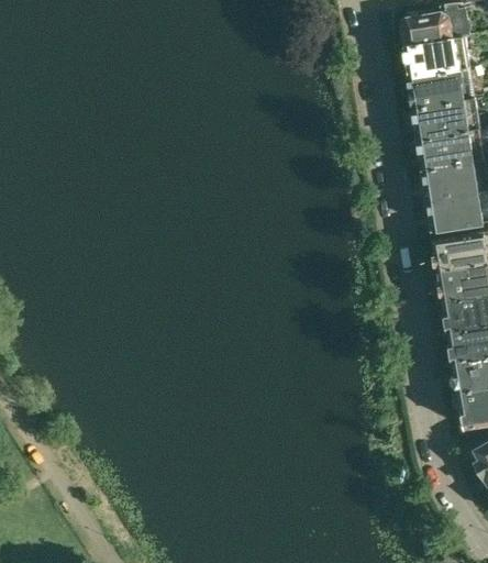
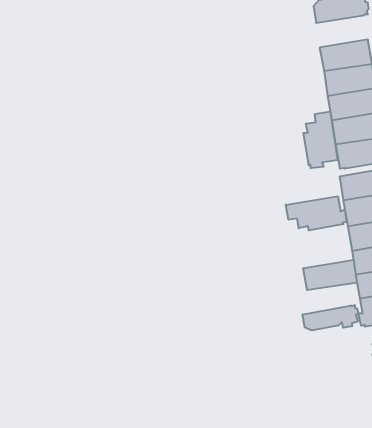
building: [401,41,466,81] -> none
building: none -> [303,111,338,168]
building: none -> [286,196,347,230]
building: none -> [303,260,357,290]
building: none -> [302,305,358,330]

